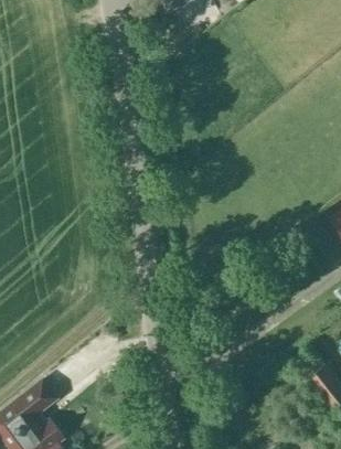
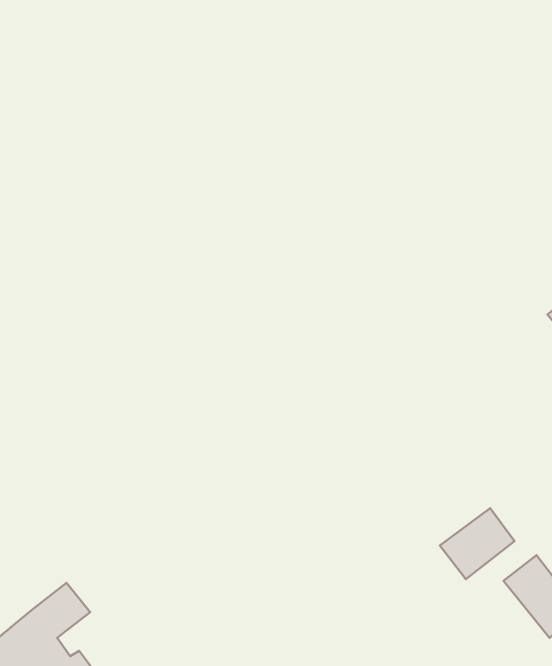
building: none -> [440,508,514,579]

